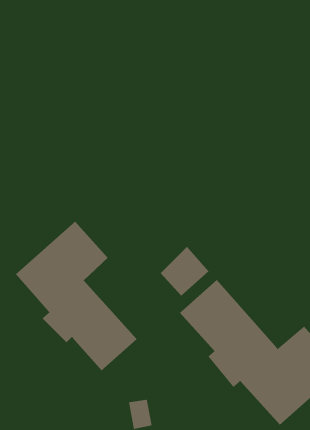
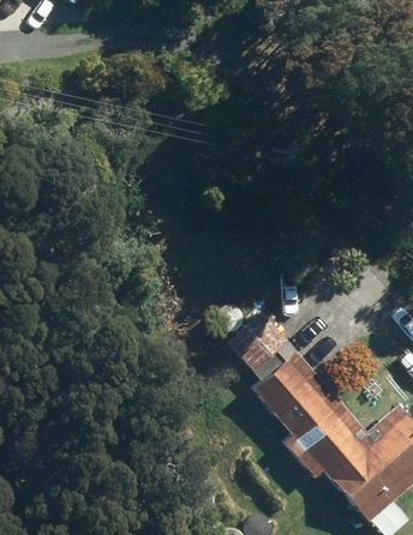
building: [15,221,137,371] -> none

